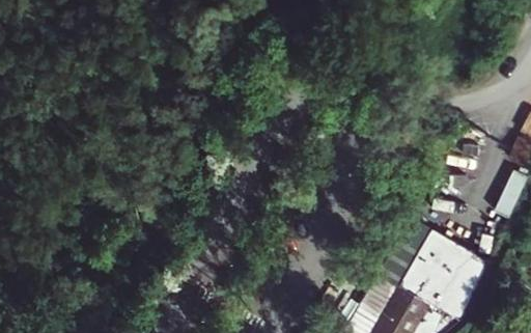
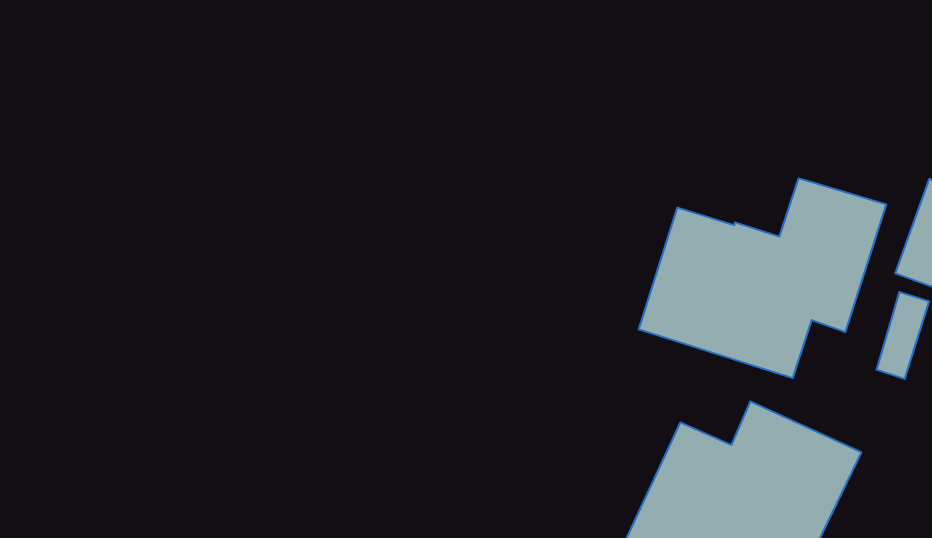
building: none -> [639,178,886,378]

